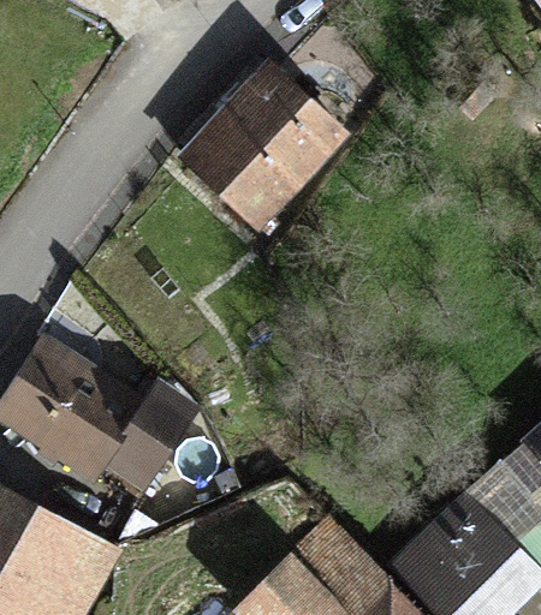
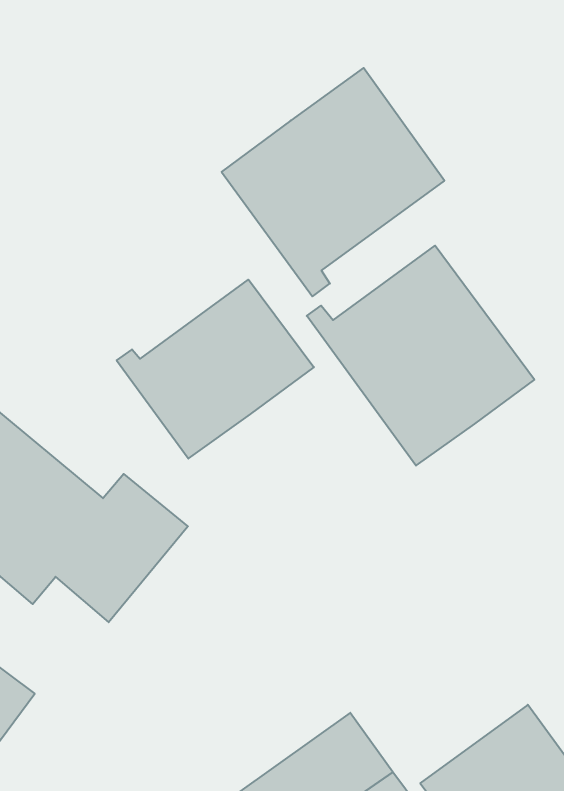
building: none -> [307,246,534,466]
building: none -> [117,280,314,459]

